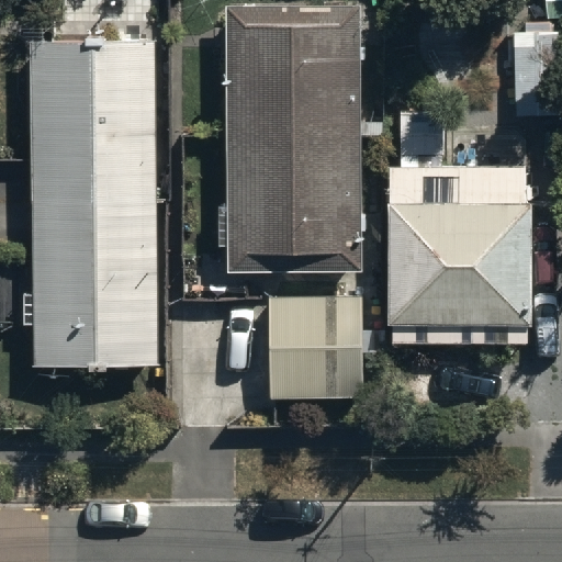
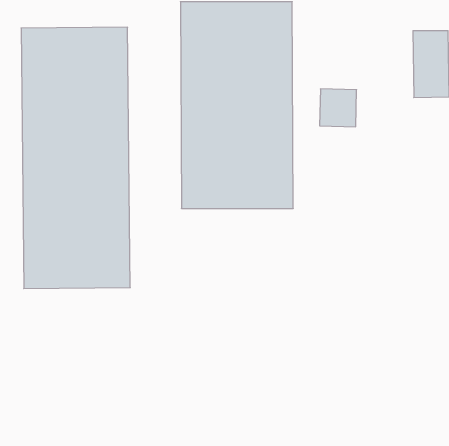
building: [391,177,530,348] -> none
building: [265,299,357,397] -> none

